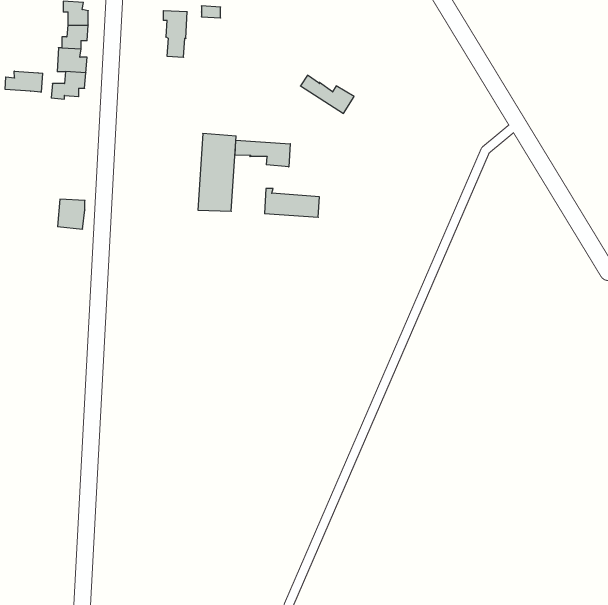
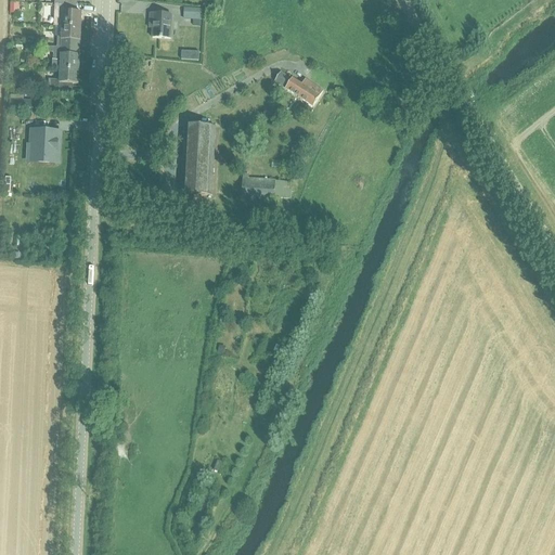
building: [5,71,43,92] -> none
building: [235,140,290,167] -> none
building: [58,199,85,229] -> [31,130,56,157]

